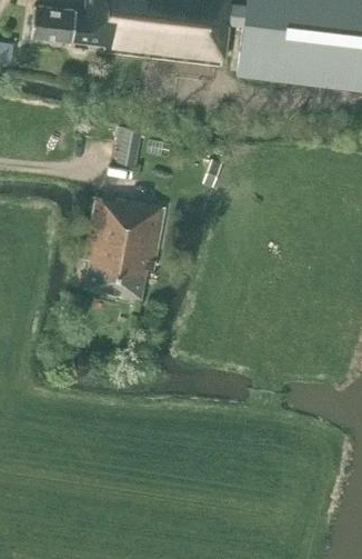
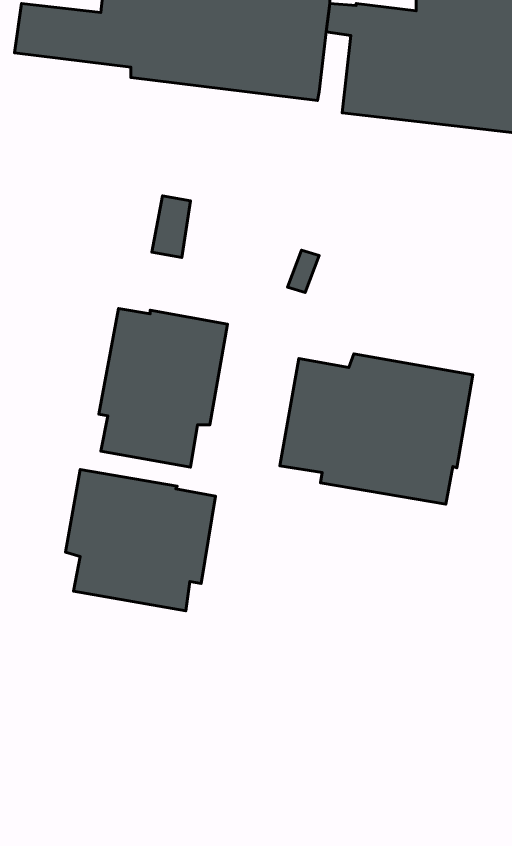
building: none -> [280,354,473,504]
building: none -> [65,469,215,611]

